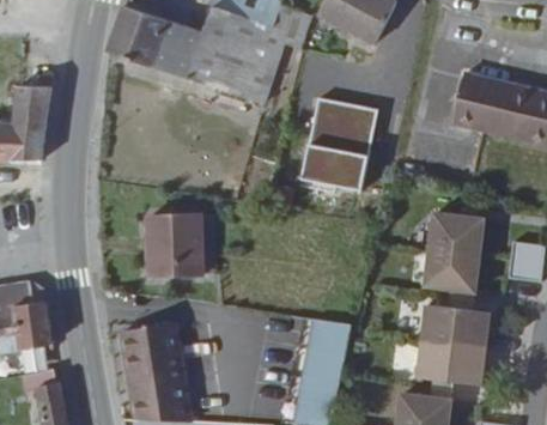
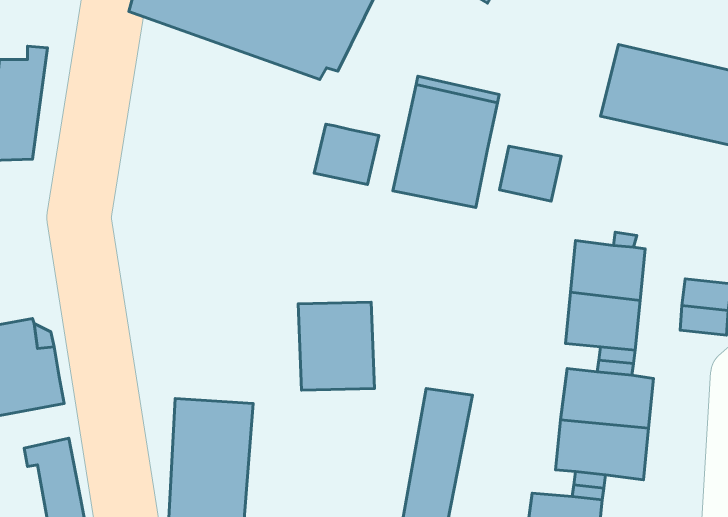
building: none -> [314,124,379,185]
building: none -> [499,146,561,201]
building: [147,213,202,277] -> [298,302,374,390]

